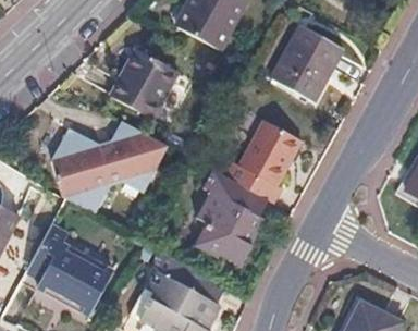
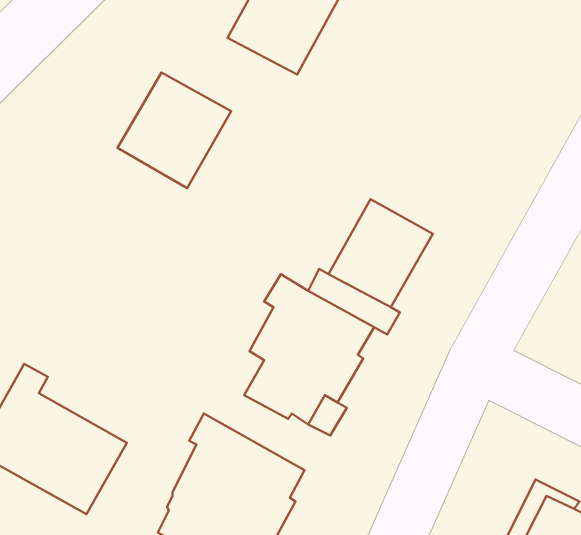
building: [268,29,337,103] -> none
building: [51,122,167,213] -> none

